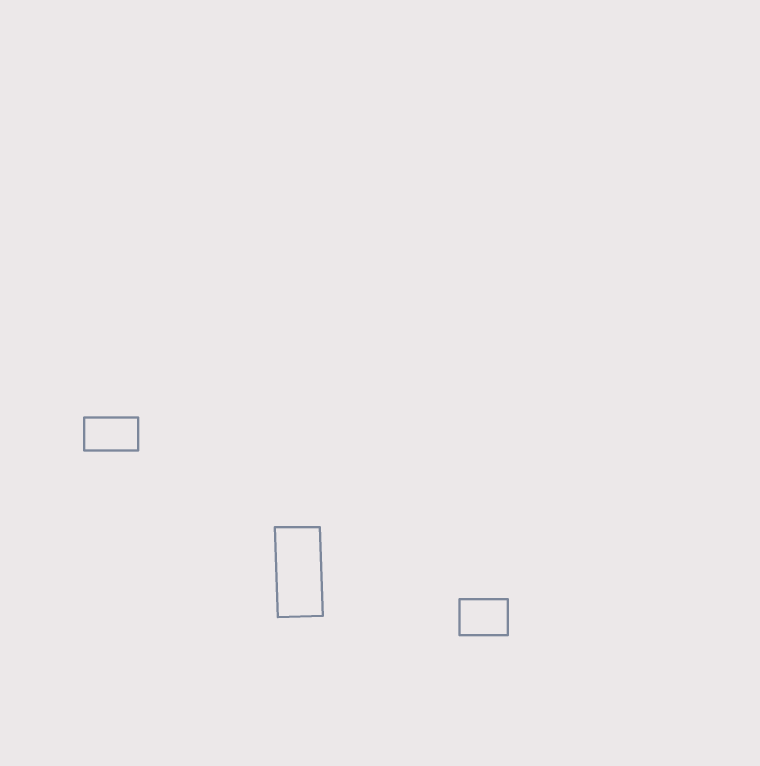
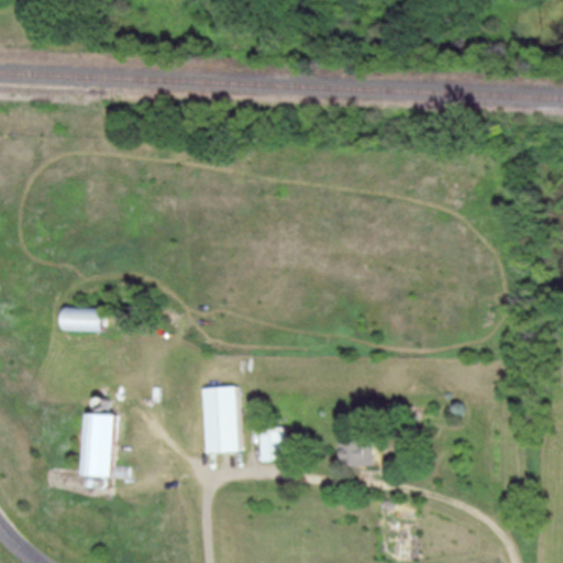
building: none -> [82,412,114,475]
building: none -> [257,428,283,462]

